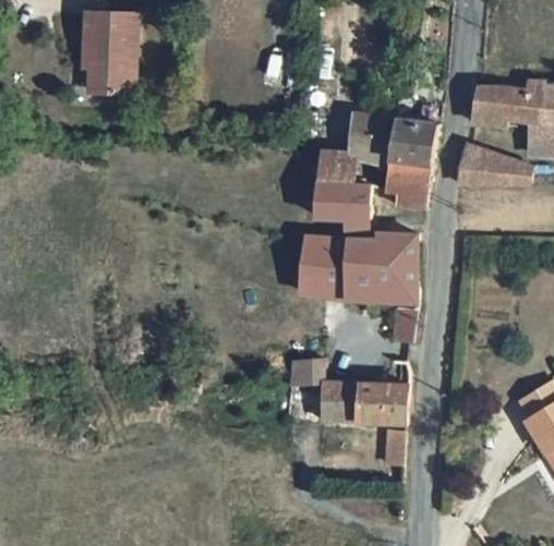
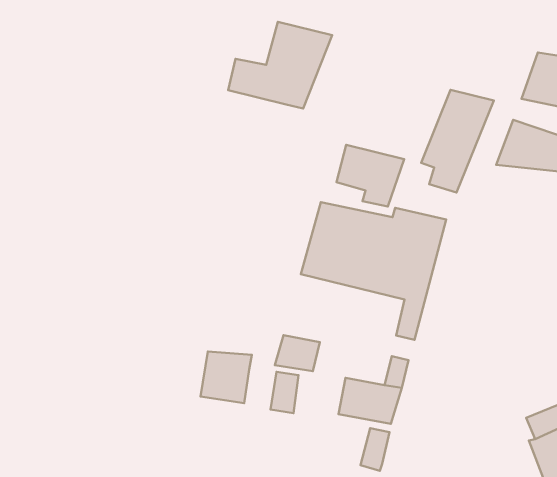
building: [322,120,405,192] -> [228,22,332,108]
building: none -> [201,351,252,403]
building: [323,388,353,422] -> none

